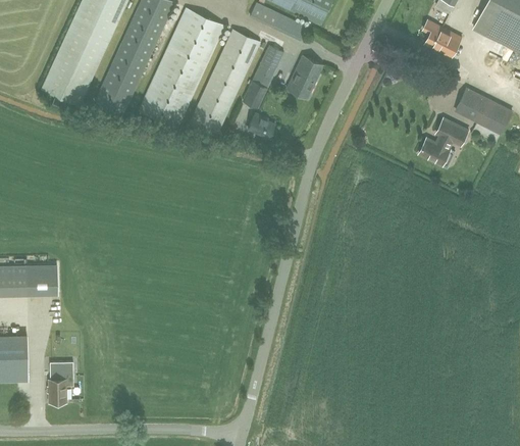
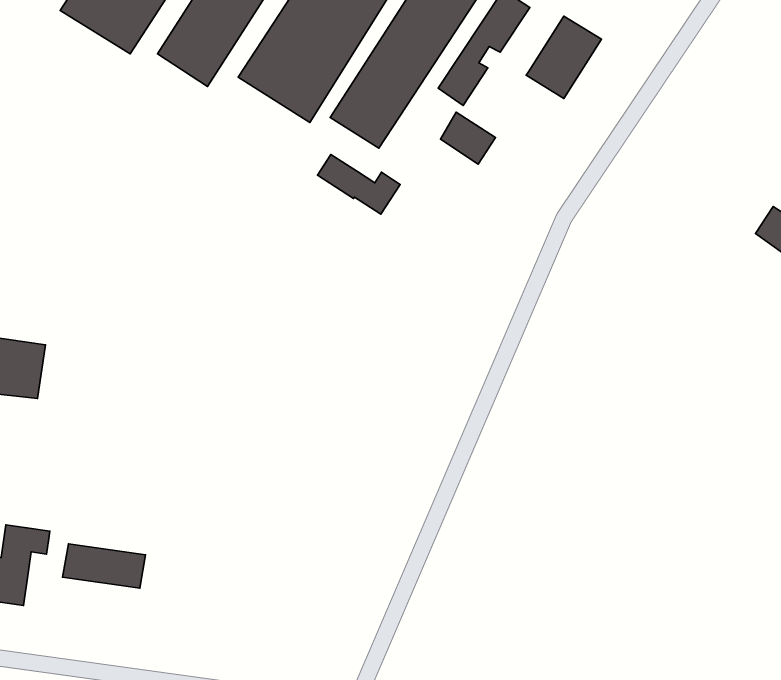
building: none -> [318,154,400,214]
building: none -> [63,544,146,588]

